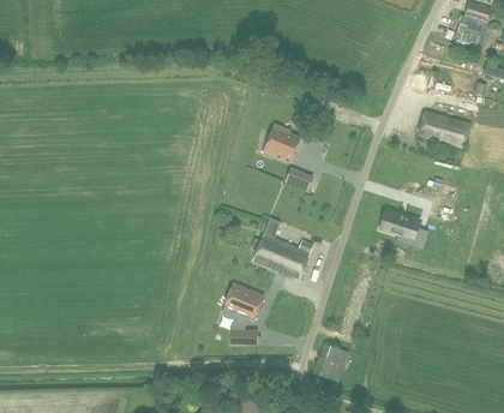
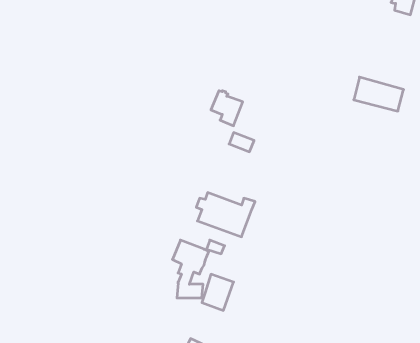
building: [380,208,419,237] -> none
building: [313,340,347,378] -> [202,274,234,310]

